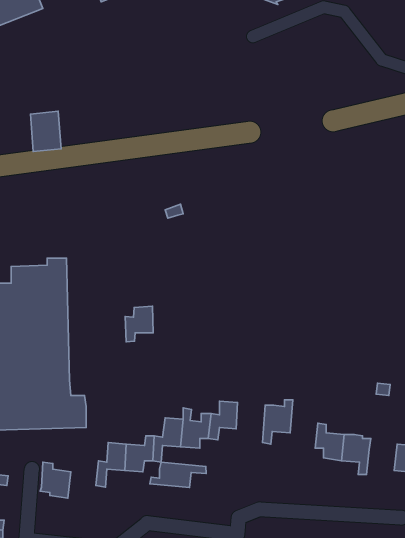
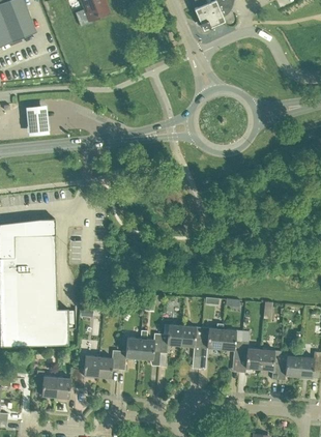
building: [125,306,153,342] -> none
building: none -> [180,325,202,355]
building: none -> [221,328,241,359]
building: none -> [278,350,300,380]
building: none -> [55,368,78,398]
building: [150,462,206,488] -> none

